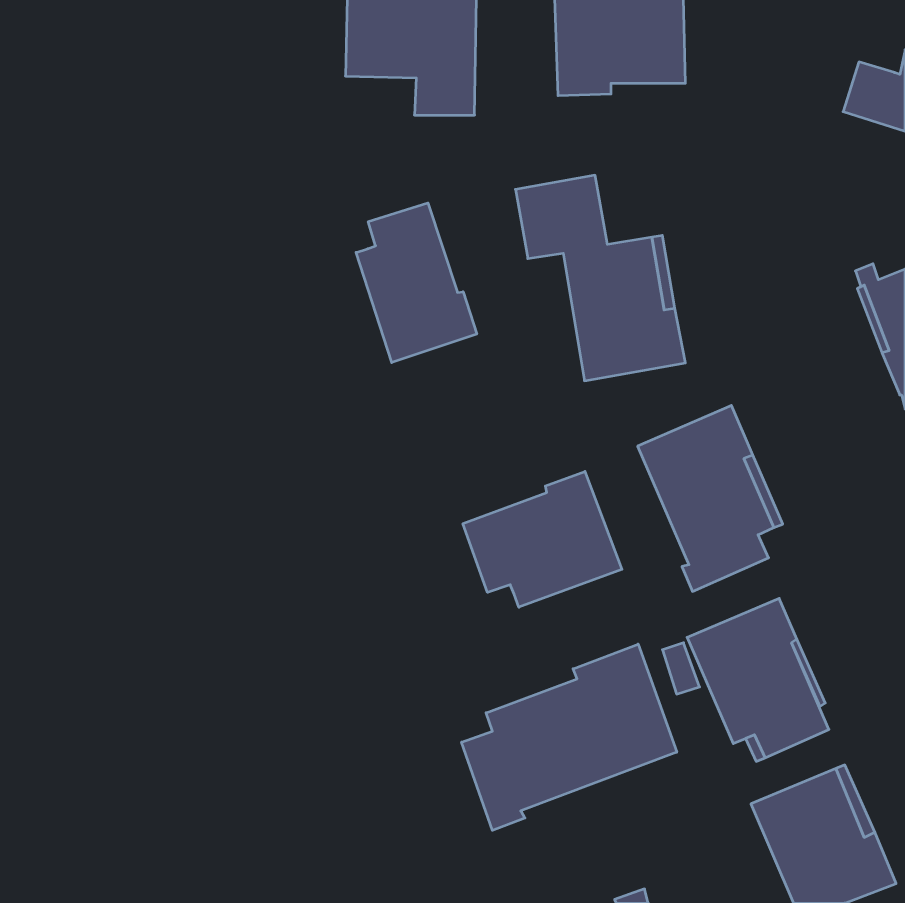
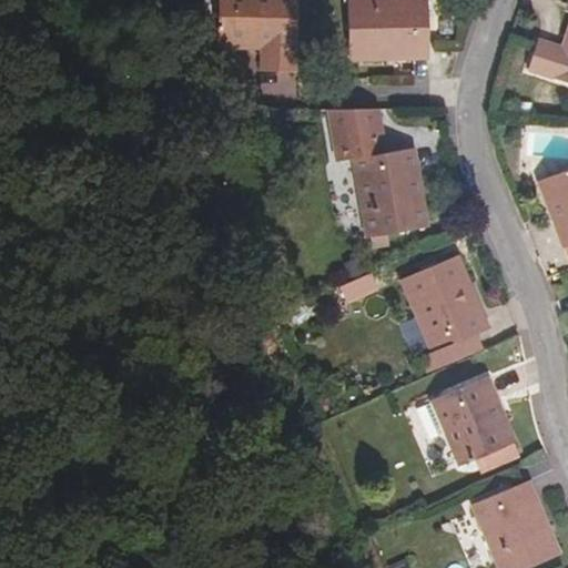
building: [356,203,477,363] -> none
building: [463,471,622,607] -> none
building: [462,644,677,830] -> none

